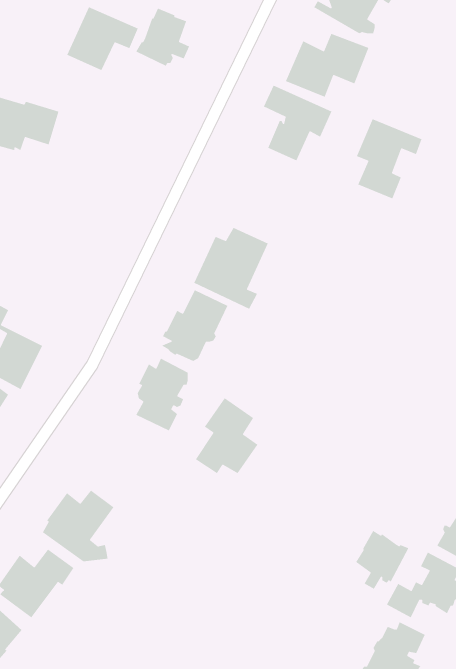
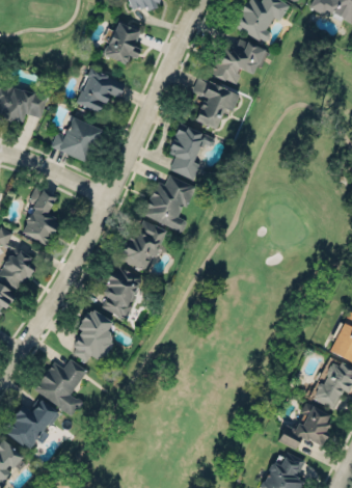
building: [66,6,139,71] -> [75,69,126,114]
building: [356,118,422,200] -> [168,125,215,182]
building: none -> [51,117,102,163]
building: none -> [22,190,58,246]
building: [195,397,259,474] -> [71,308,115,362]
building: [355,530,409,590] -> none

